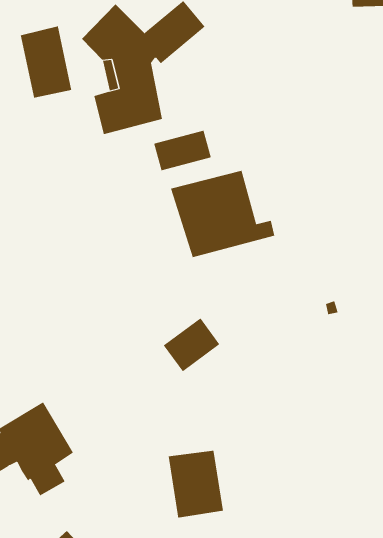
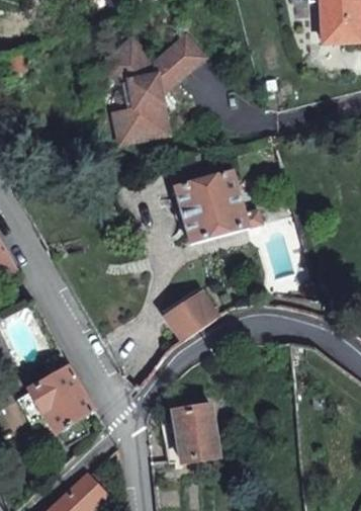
building: [20,25,72,98] -> none
building: [154,130,212,171] -> none

